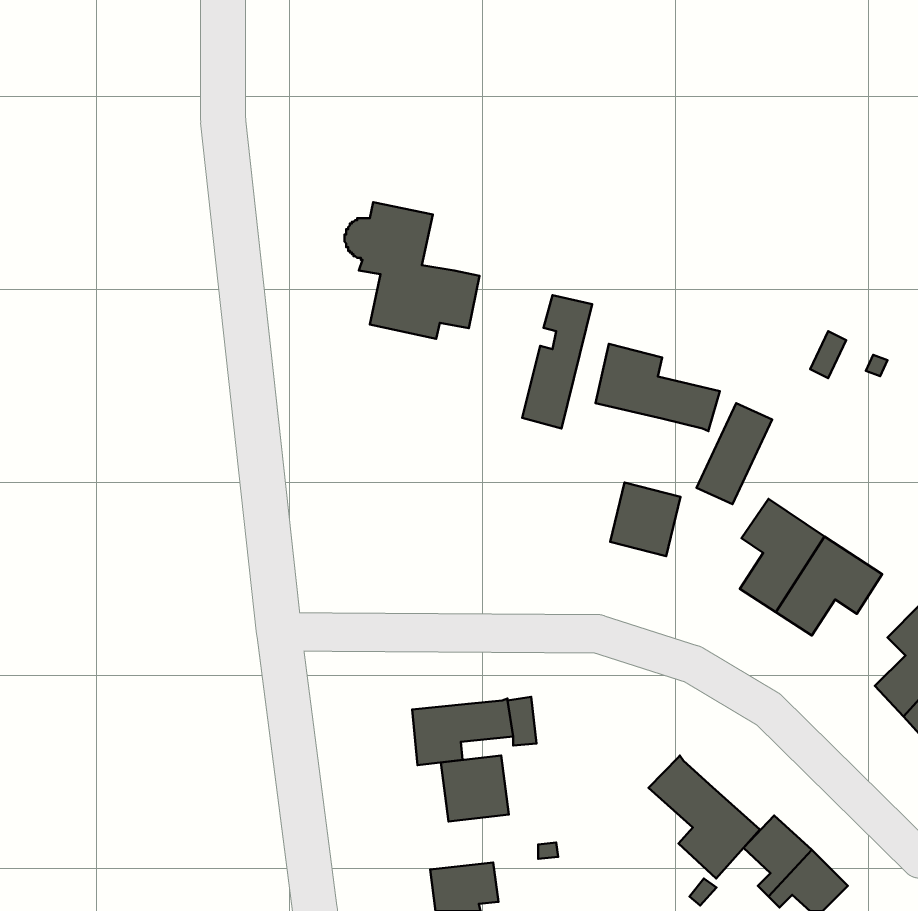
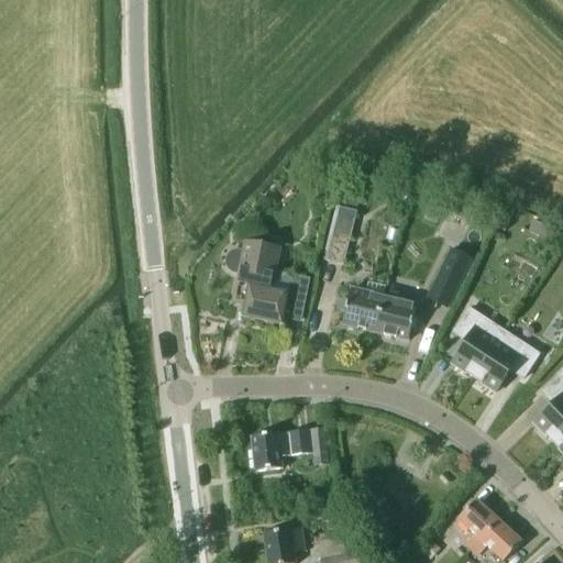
building: [344,202,479,339] -> [228,240,310,323]
building: [595,344,720,431] -> none
building: none -> [341,287,383,331]
building: [441,756,509,821] -> none
building: [649,756,760,879] -> none

